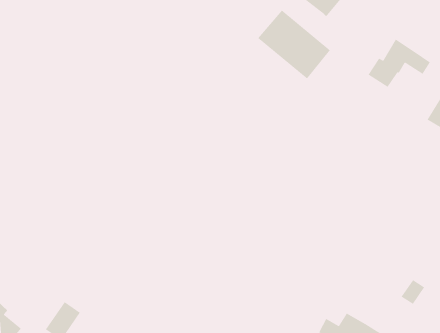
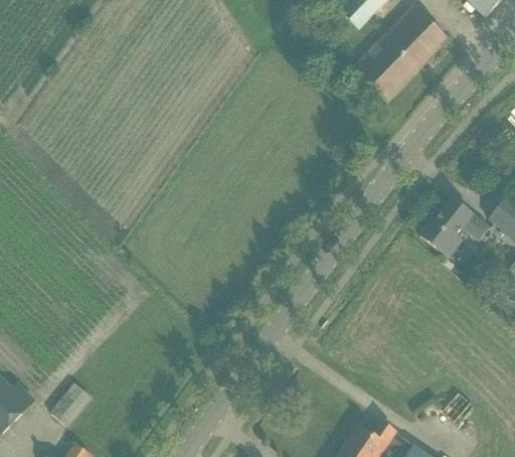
building: [257,10,331,79] -> none
building: [368,38,431,88] -> [419,199,490,253]

